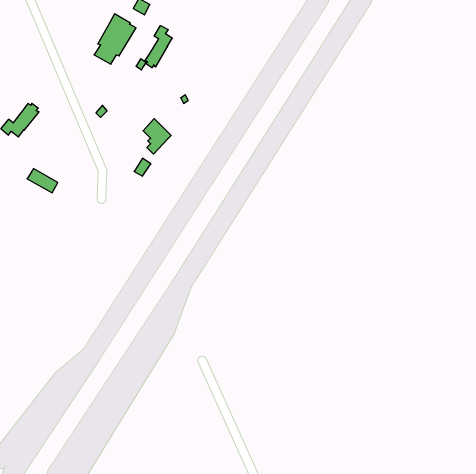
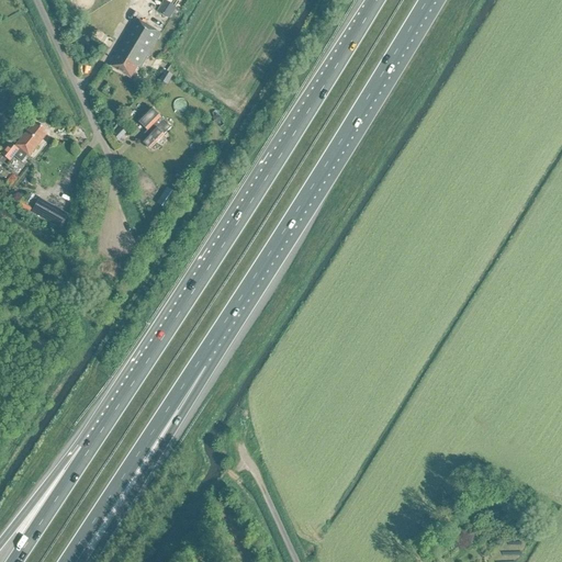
building: [145,26,172,68] -> none
building: [143,119,171,154] -> [138,105,171,147]

